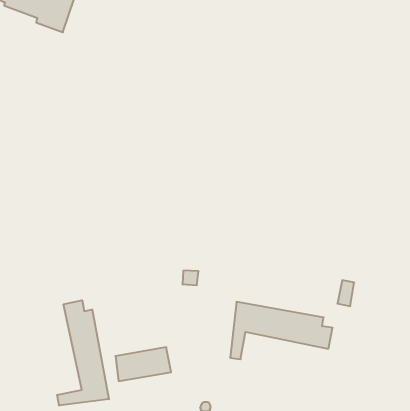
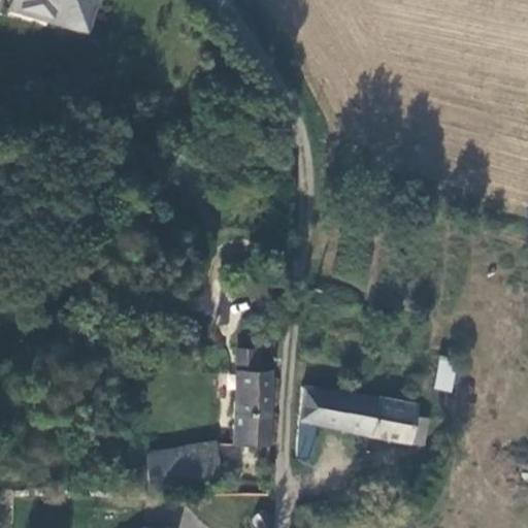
building: none -> [236,371,271,444]
building: [57,300,109,406] -> none

